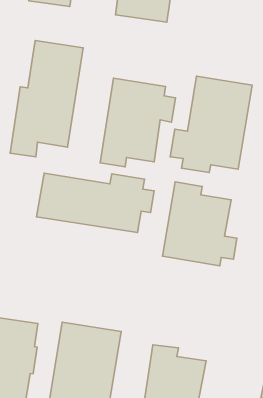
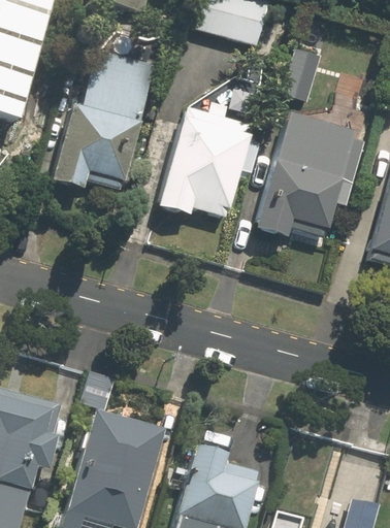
building: none -> [280,51,323,105]
building: [37,173,154,233] -> none
building: [162,182,237,266] -> none

